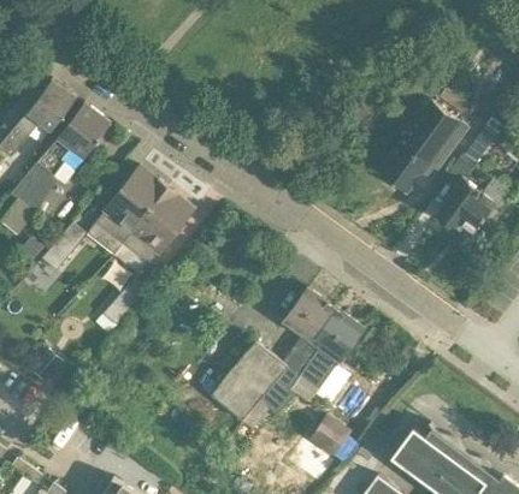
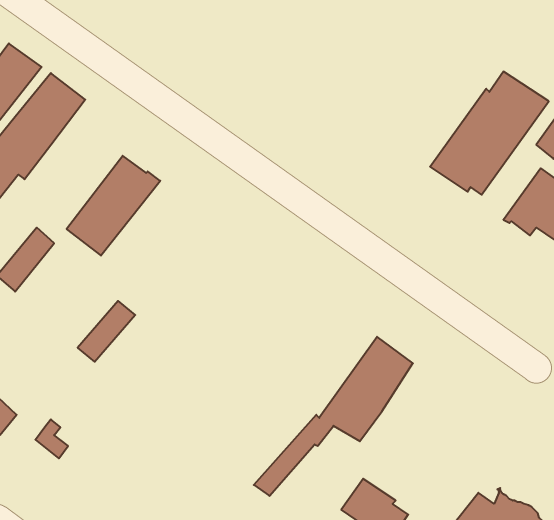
building: [114,186,195,275] -> none
building: [211,287,336,421] -> none

